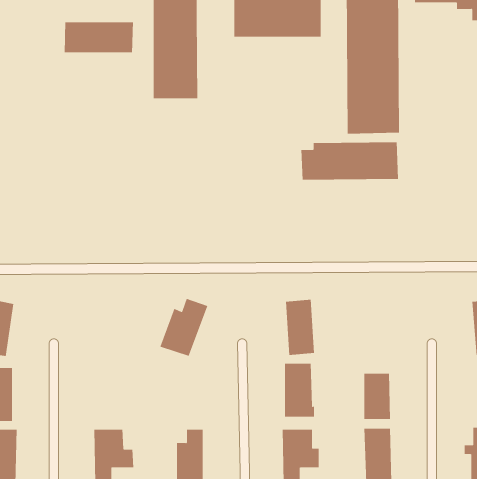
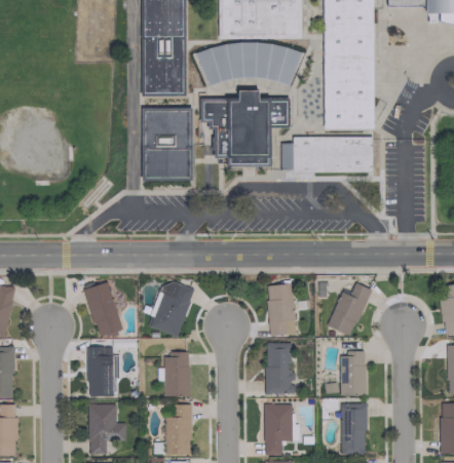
building: [64,21,133,53] -> none
building: none -> [201,42,300,85]
building: none -> [200,89,290,166]
building: none -> [142,106,193,180]
building: none -> [84,280,122,337]
building: none -> [328,282,371,335]
building: none -> [87,346,116,395]
building: none -> [164,352,190,395]

